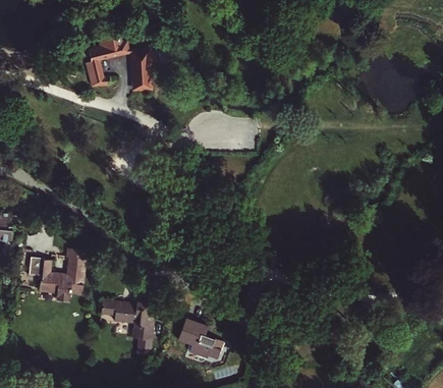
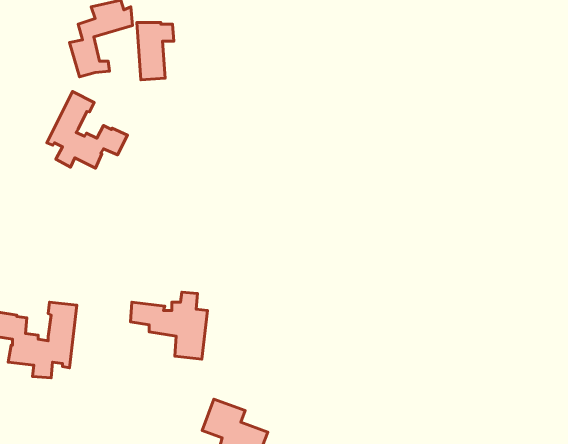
building: none -> [47,92,127,168]
building: [102,293,157,341] -> [131,292,208,359]

